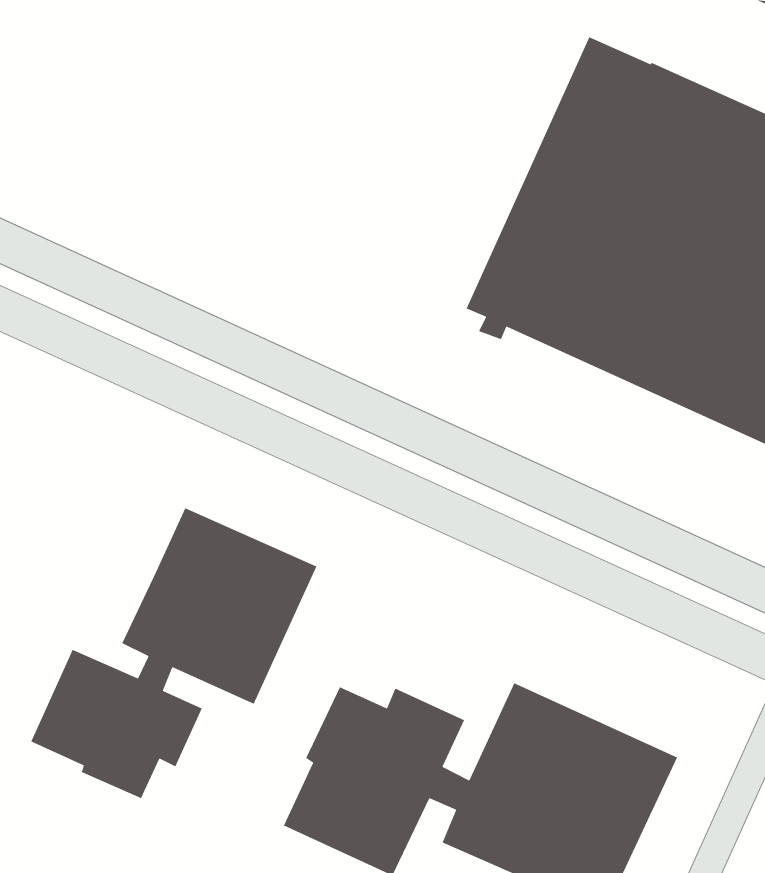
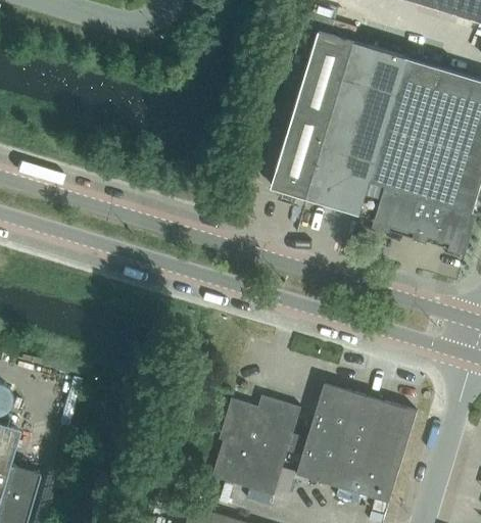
building: [30,507,318,799] -> none

